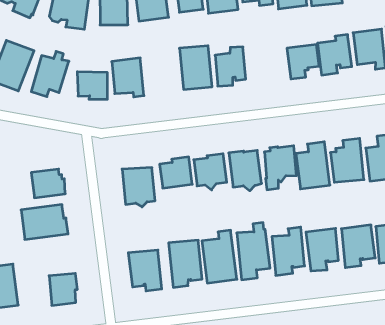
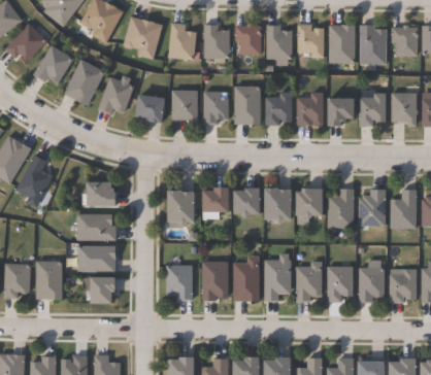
building: none -> [296,94,324,127]
building: none -> [203,93,230,126]
building: none -> [76,244,115,272]

